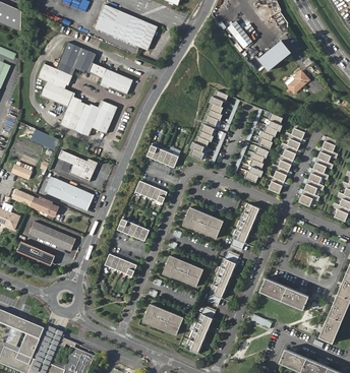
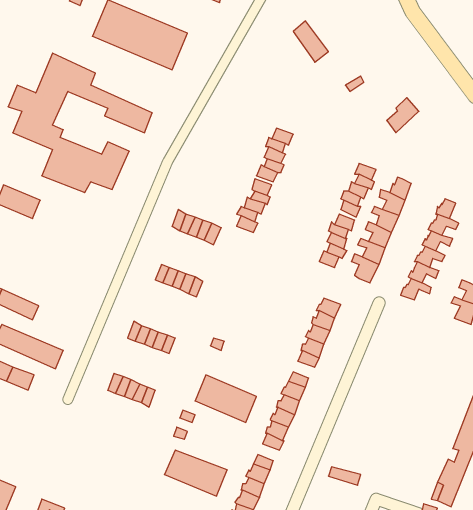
building: [58,151,97,182] -> none
building: [47,179,93,210] -> none
building: [181,206,223,238] -> none
building: [260,279,308,308] -> none

